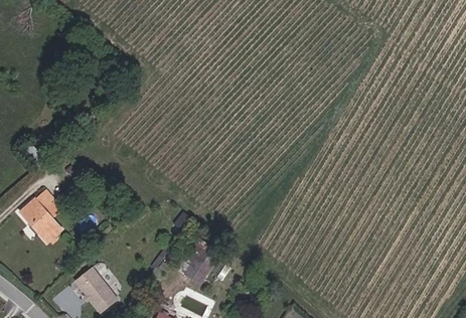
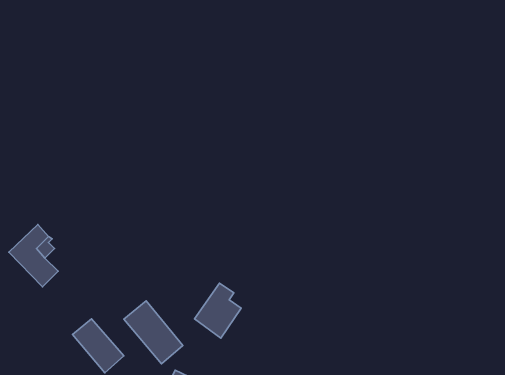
building: none -> [124,301,183,364]

